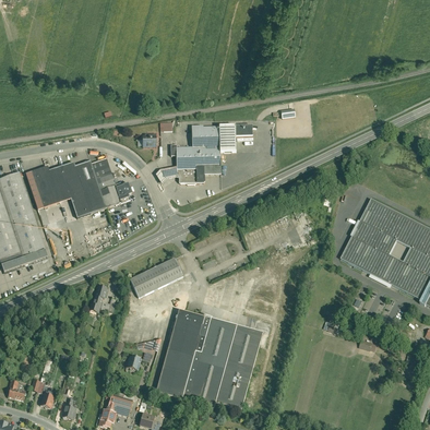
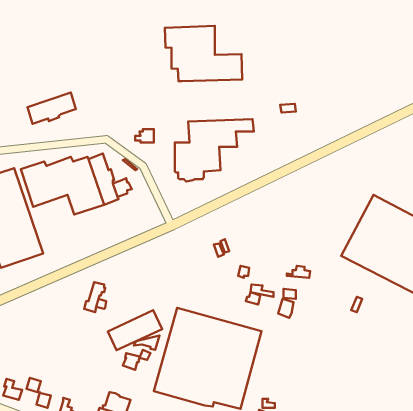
building: none -> [165,26,242,81]
building: none -> [28,93,76,124]
building: [130,258,183,297] -> [108,310,162,350]

